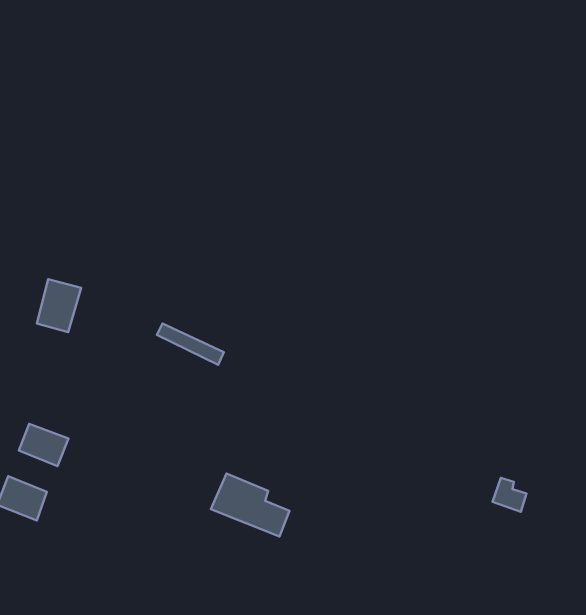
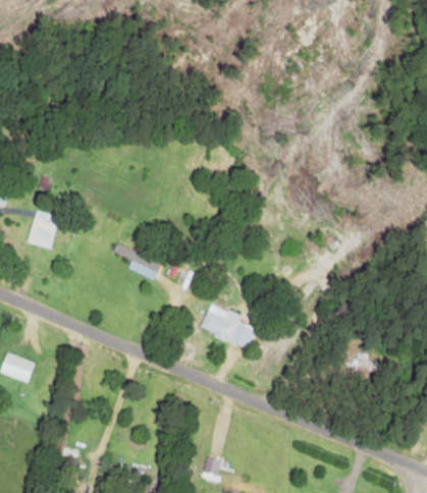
building: [19,424,69,466] -> none
building: [211,474,289,536] -> [200,305,256,349]

